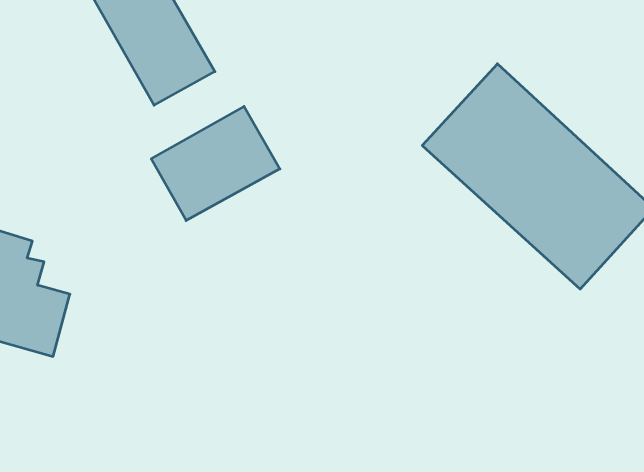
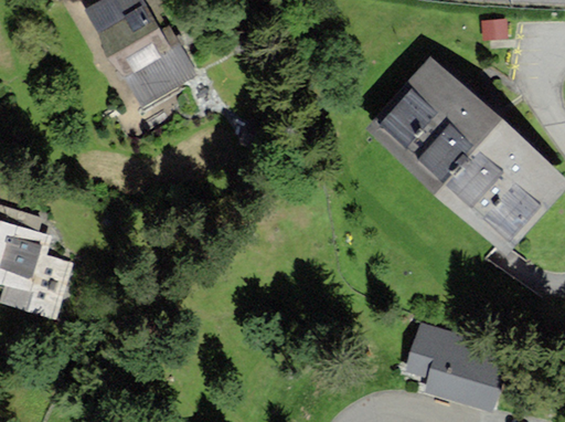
building: [151,106,280,221] -> none
building: none -> [408,323,495,400]

